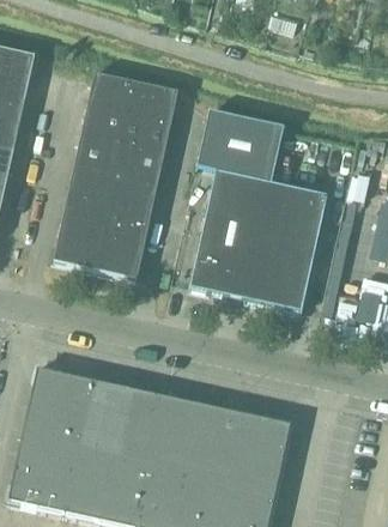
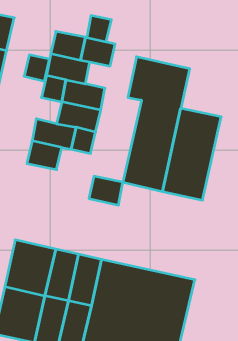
building: [135,116,170,153] -> [87,16,111,42]
building: [66,166,102,204] -> [24,55,50,81]
building: [95,237,143,278] -> [89,176,123,205]

